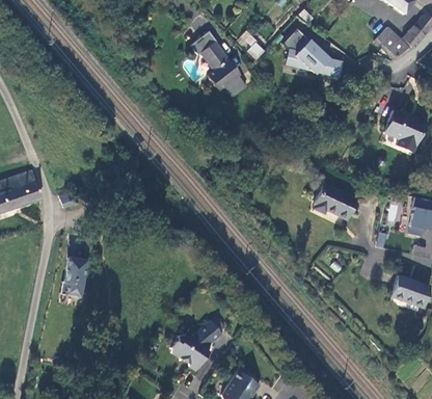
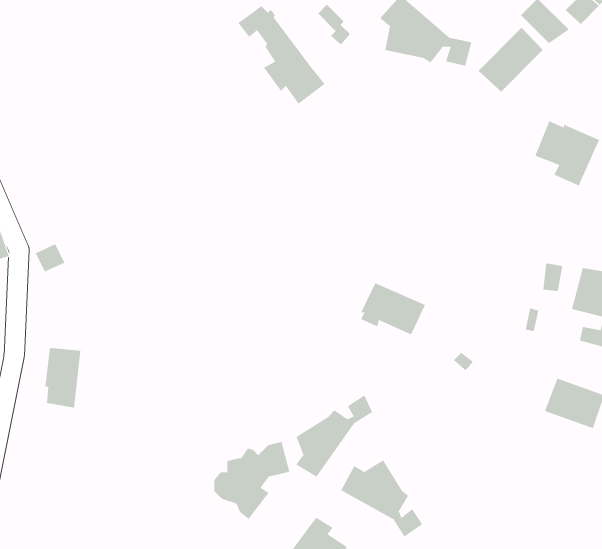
building: none -> [478,27,543,93]
building: [316,184,358,218] -> [360,282,426,335]
building: none -> [296,395,373,477]
building: none -> [340,460,423,537]

